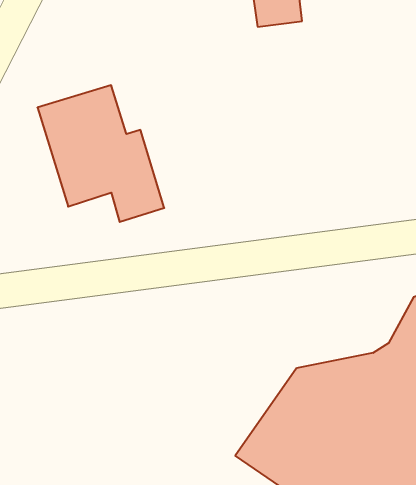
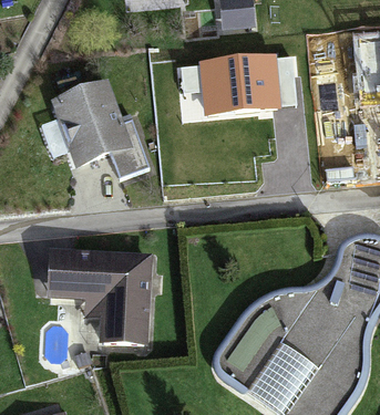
building: none -> [193,48,276,112]
building: none -> [43,248,145,342]

